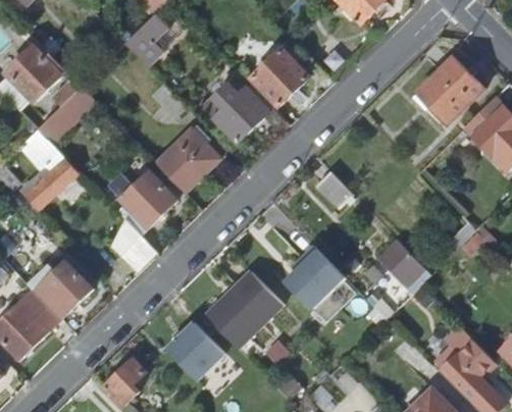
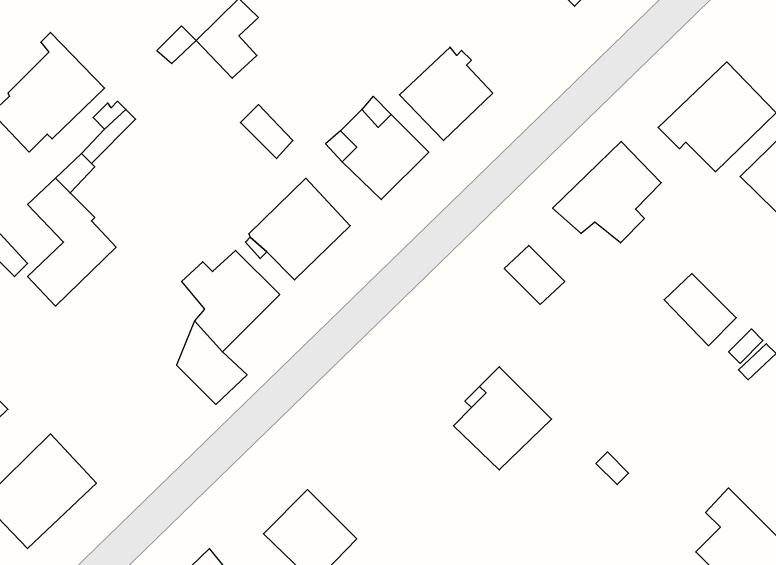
building: none -> [553,141,661,243]
building: [380,240,425,285] -> [664,274,736,346]
building: [25,261,93,319] -> none
building: [204,272,281,350] -> none

